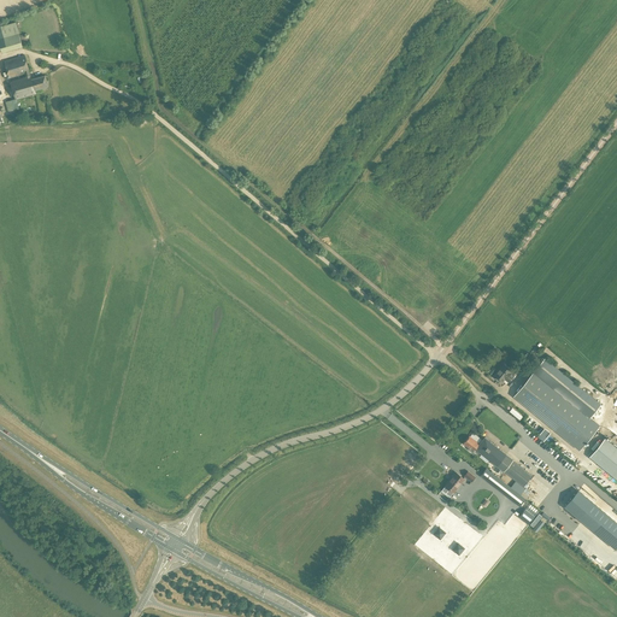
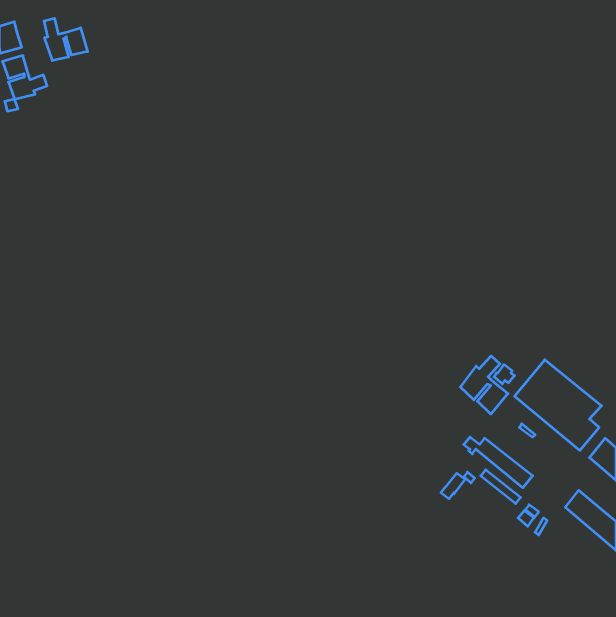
building: none -> [44,18,88,61]
building: none -> [460,356,508,414]

